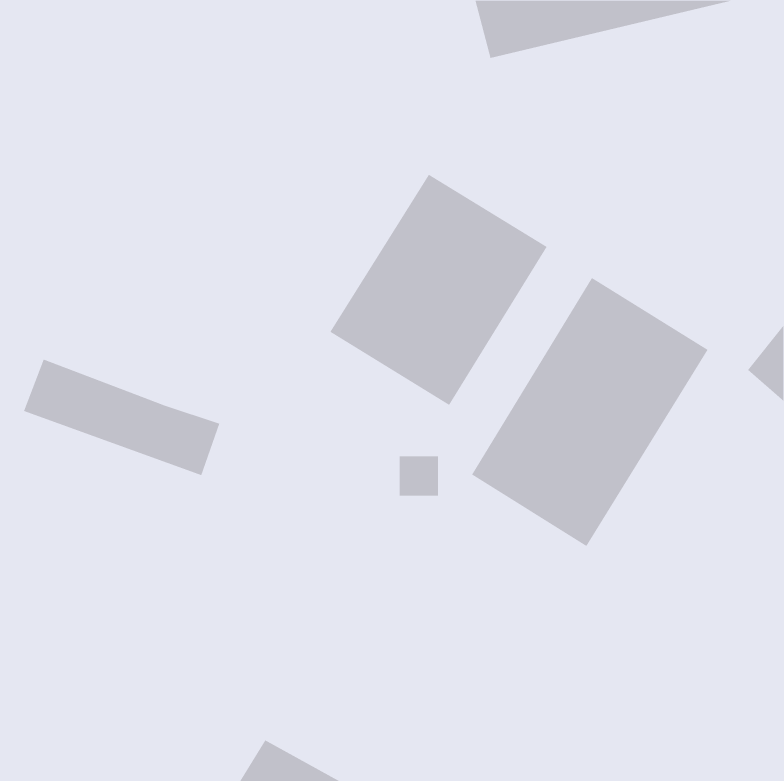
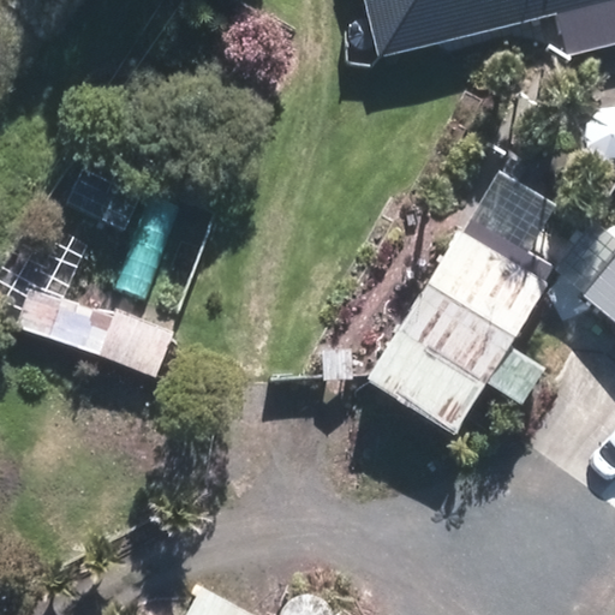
building: [330,174,548,406] -> none

